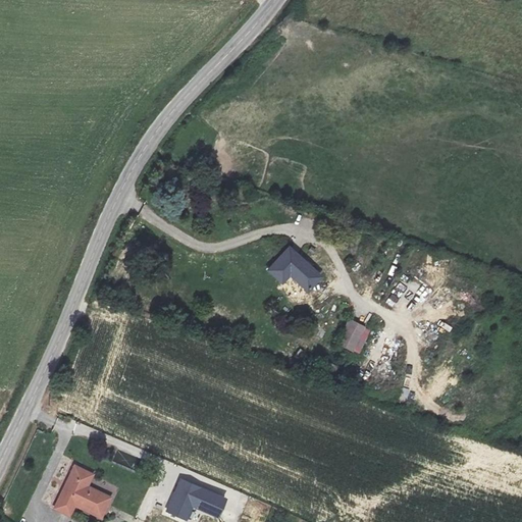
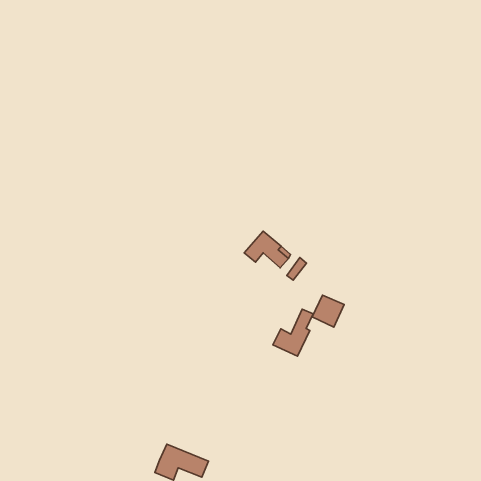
building: none -> [273,309,313,356]
building: [55,462,111,512] -> none

